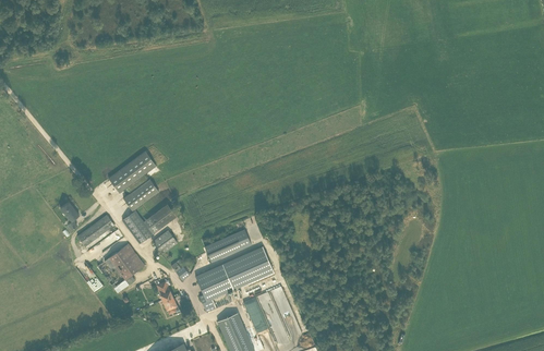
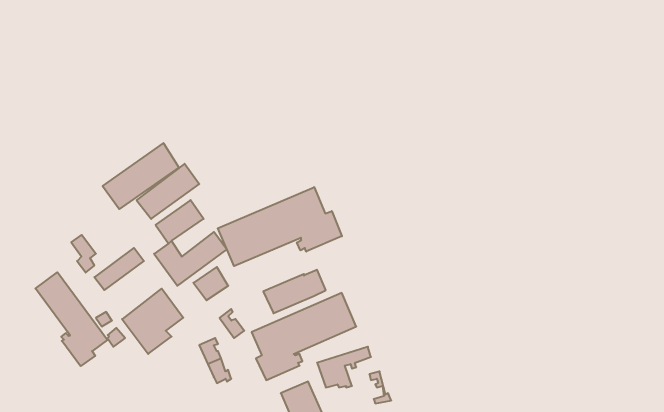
building: none -> [103,143,179,209]
building: none -> [218,187,342,266]
building: none -> [35,272,108,366]

